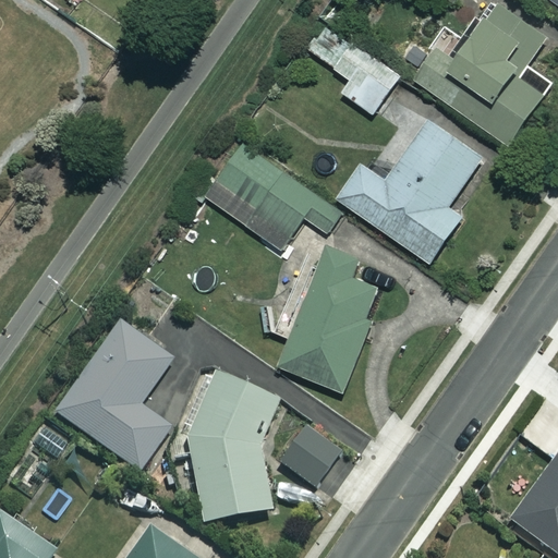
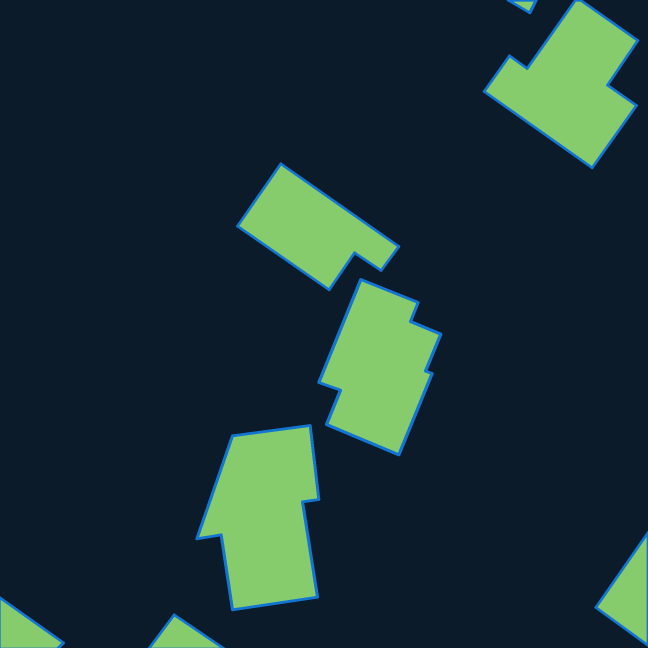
building: [306,20,405,119] -> none
building: [337,121,482,262] -> none
building: [54,319,173,472] -> none
building: [278,424,341,488] -> none

